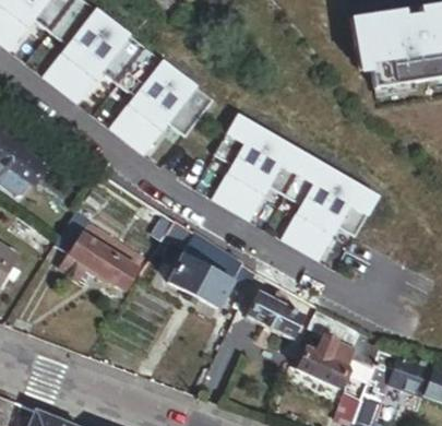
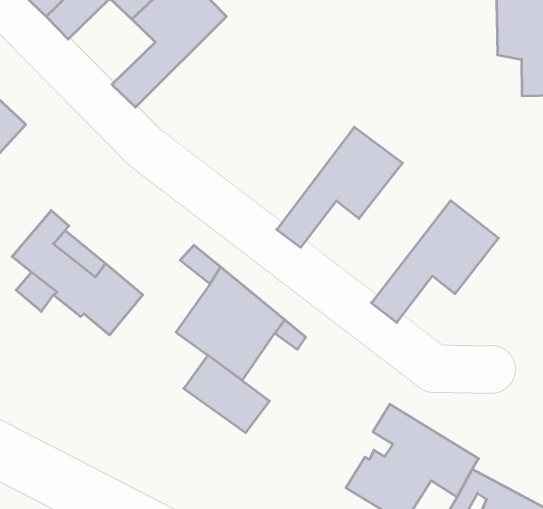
building: [126,70,212,151] -> none
building: [211,111,272,206] -> none
building: [279,152,342,247] -> none
building: [248,294,306,342] -> [184,355,270,433]

